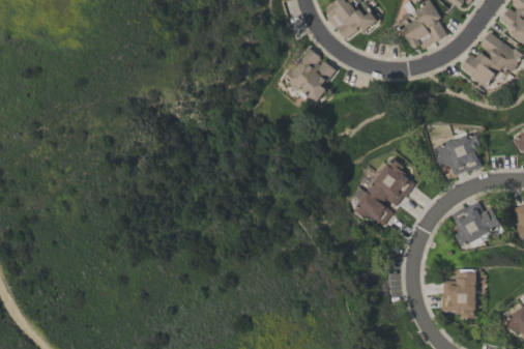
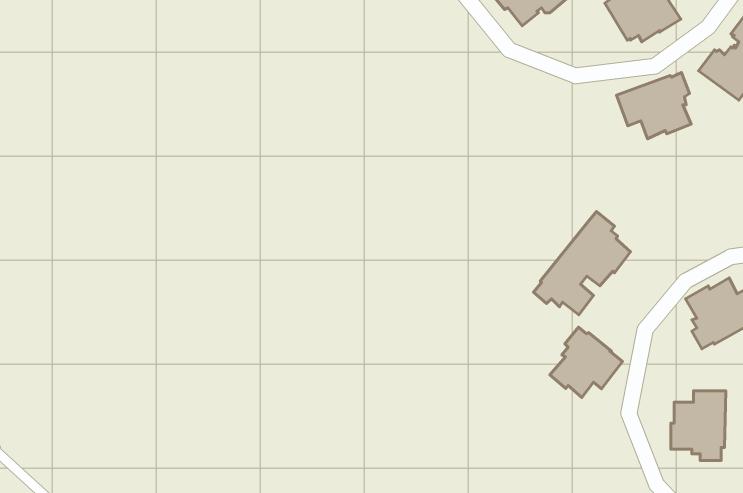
building: [282,47,337,101] -> none
building: [436,134,484,176] -> [617,72,691,139]
building: none -> [550,327,623,397]

